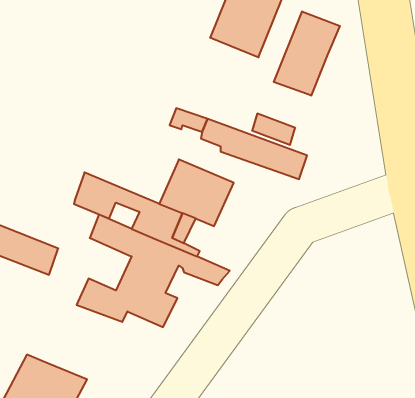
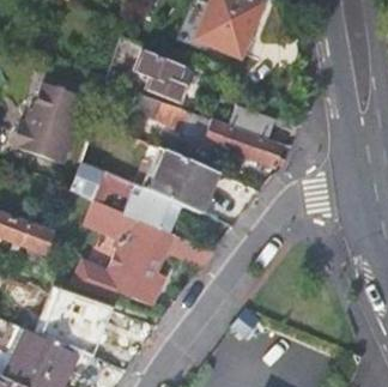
building: [274,11,340,96] -> none
building: none -> [134,49,187,101]
building: none -> [12,81,86,162]
building: none -> [41,289,114,355]

